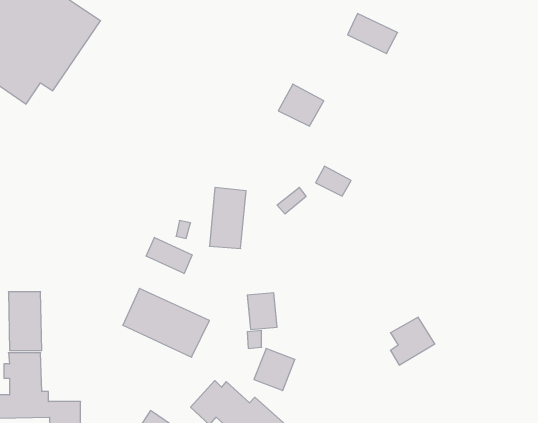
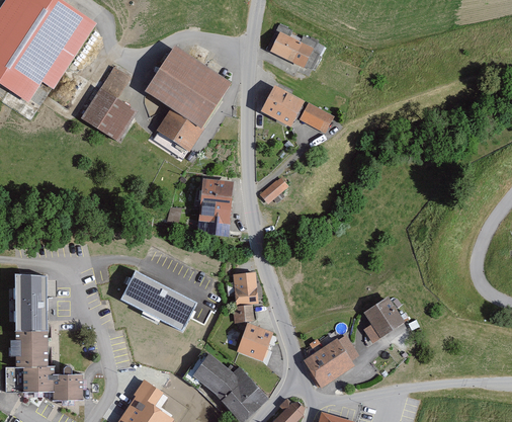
building: [348,14,398,54] -> [272,33,318,70]
building: none -> [149,46,240,159]
building: none -> [82,67,141,144]
building: [316,166,351,196] -> [298,103,331,131]
building: [146,237,192,274] -> none
building: none -> [306,336,360,383]

